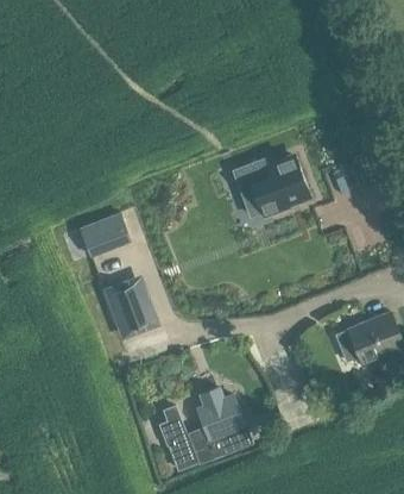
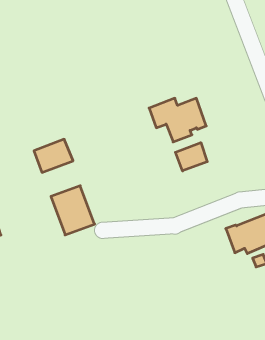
building: none -> [175,143,207,171]
building: [159,389,245,470] -> none

